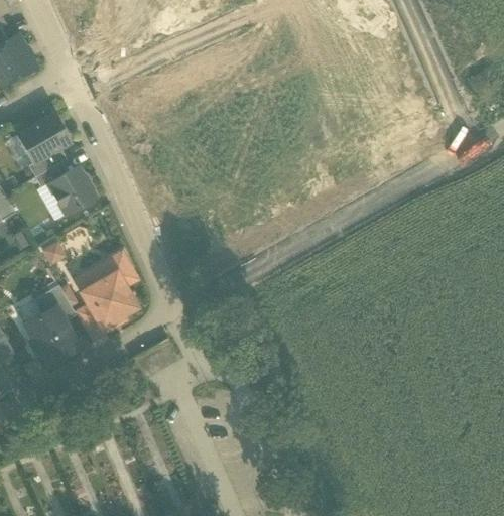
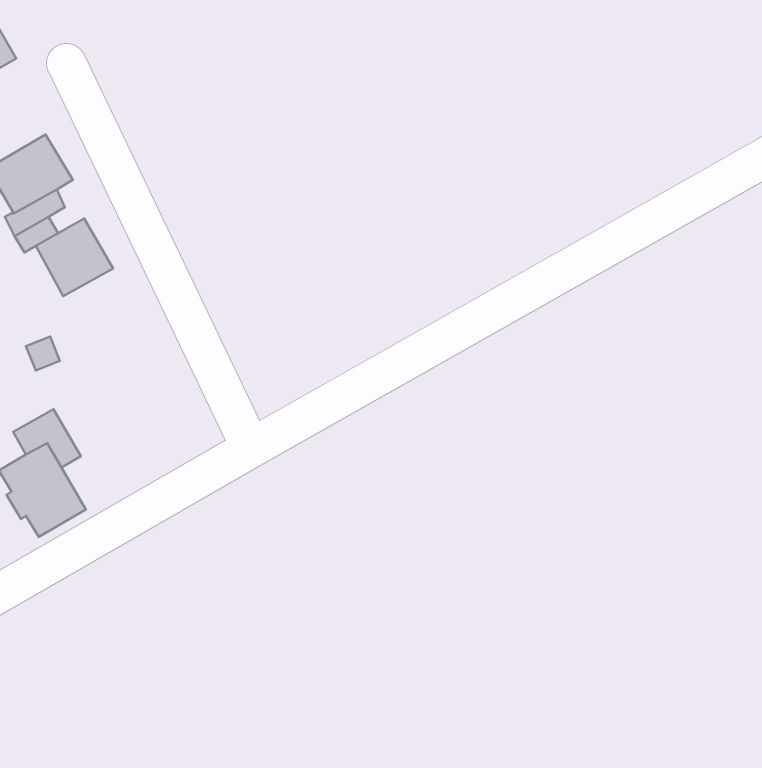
building: [76,252,134,325] -> none

